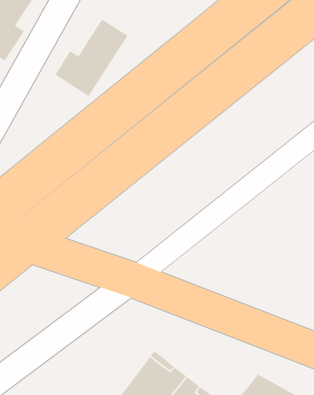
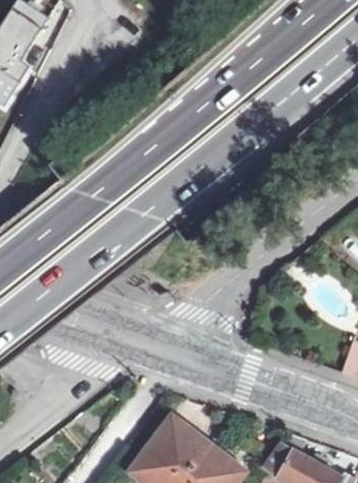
building: [54,18,129,97] -> none

